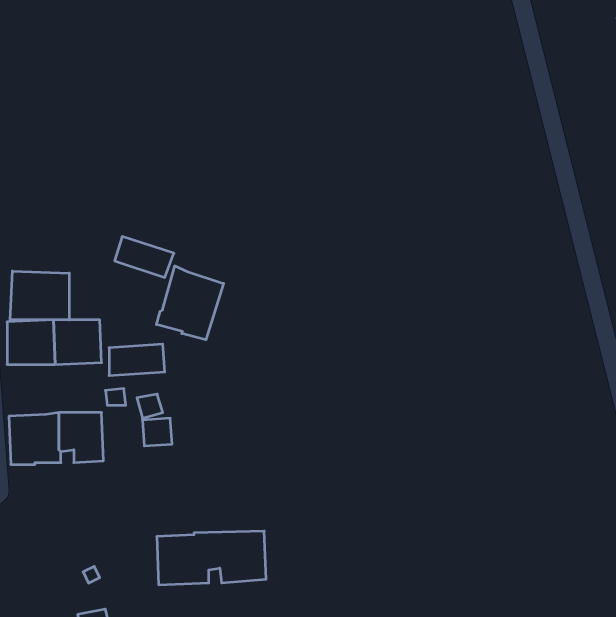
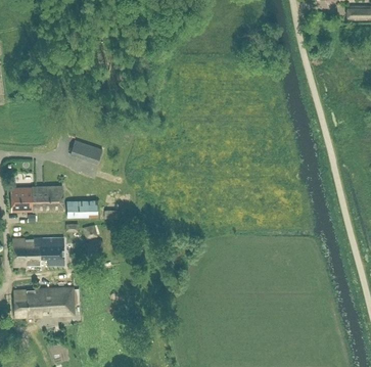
building: [156,266,224,340] -> none
building: [10,271,69,320] -> none
building: [157,531,266,585] -> [14,288,75,318]

